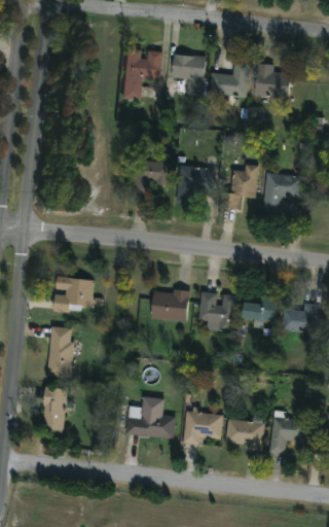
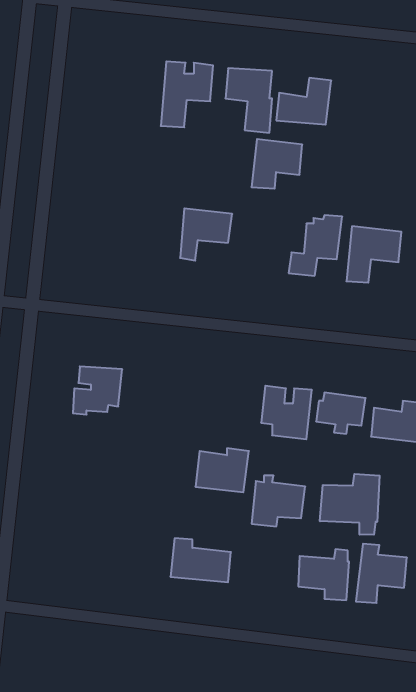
building: [256,64,292,97] -> none
building: [176,164,214,201] -> [251,139,302,189]
building: [150,288,190,321] -> [195,448,249,492]
building: [51,326,74,376] -> none
building: none -> [320,474,380,535]
building: [42,387,68,432] -> none
building: [183,407,223,445] -> [252,476,305,526]

